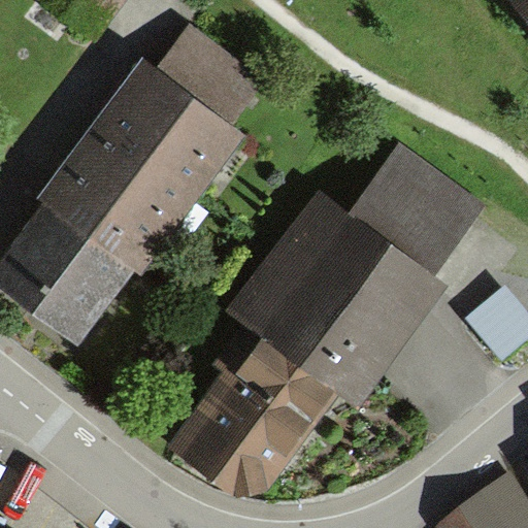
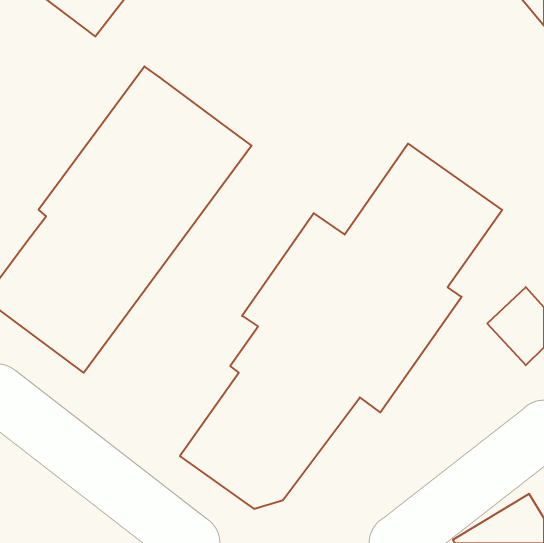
building: [154,28,258,126] -> none

